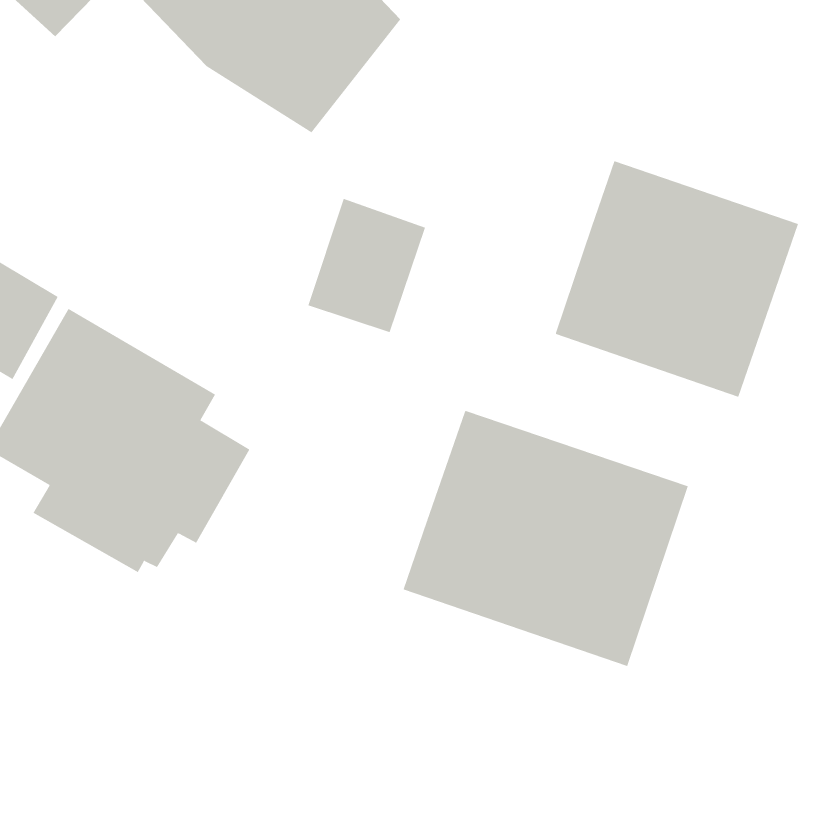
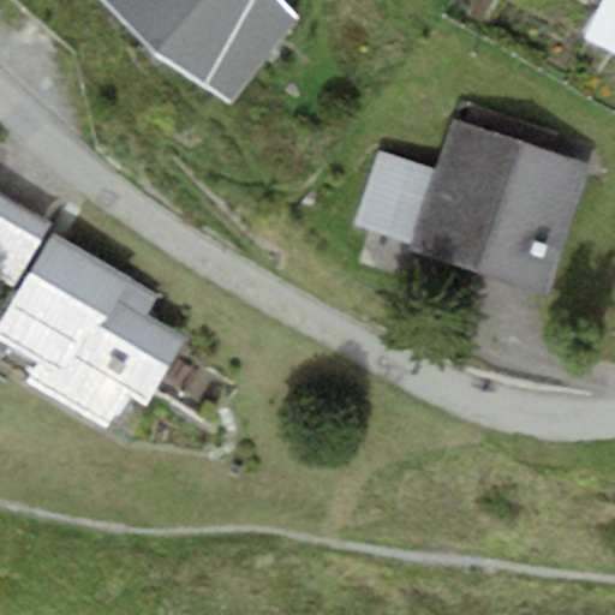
building: [307,198,426,333] -> [350,147,437,246]
building: [403,410,689,667] -> none

